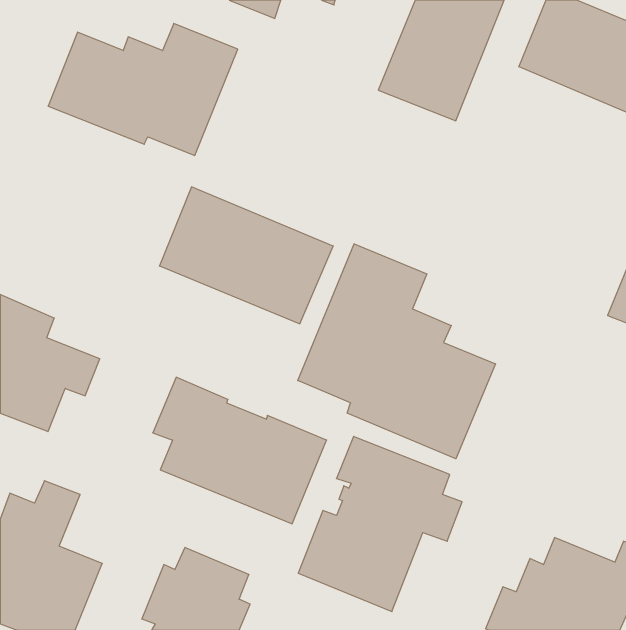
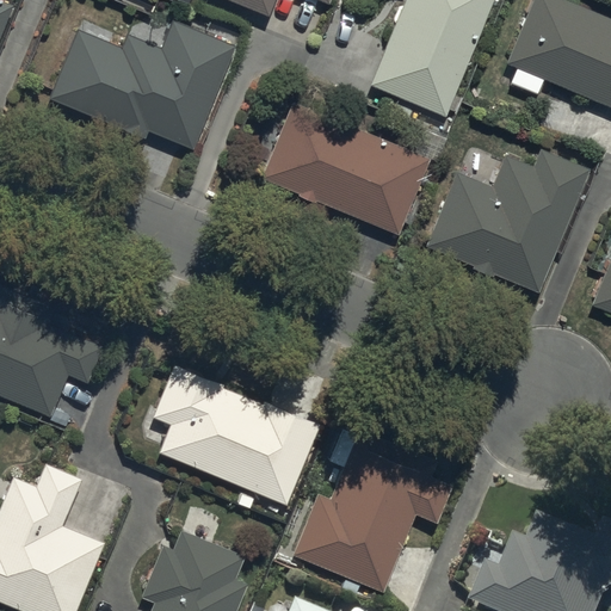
building: none -> [425,150,588,294]
building: [159,187,333,324] -> [261,103,430,235]
building: [298,244,495,459] -> none

